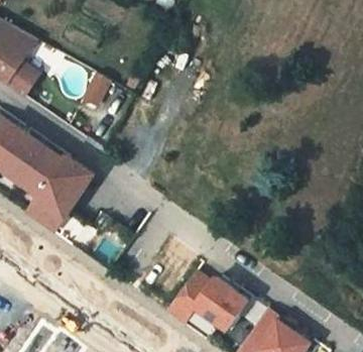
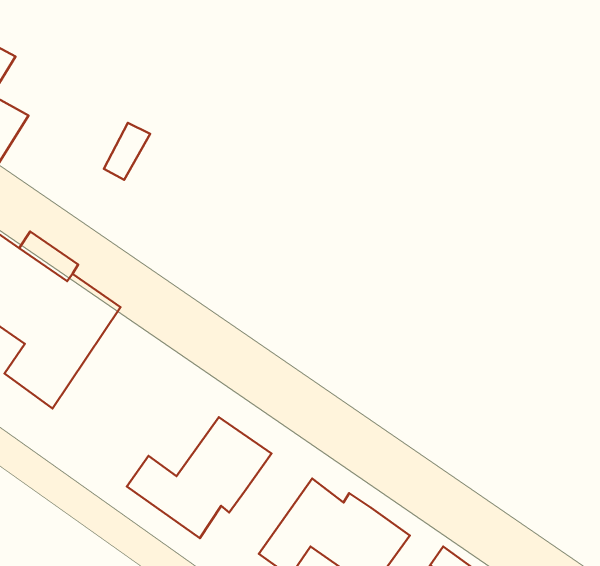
building: none -> [127,417,271,538]

